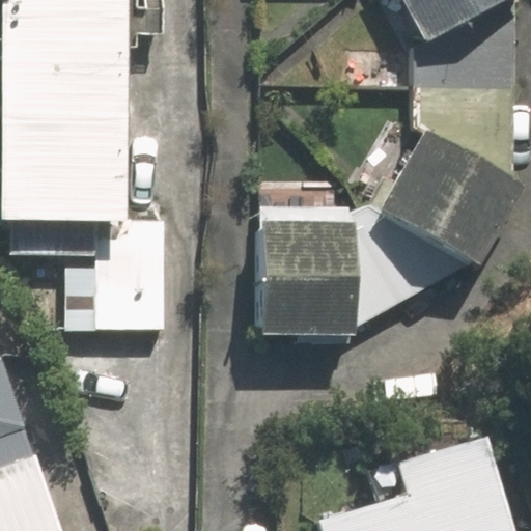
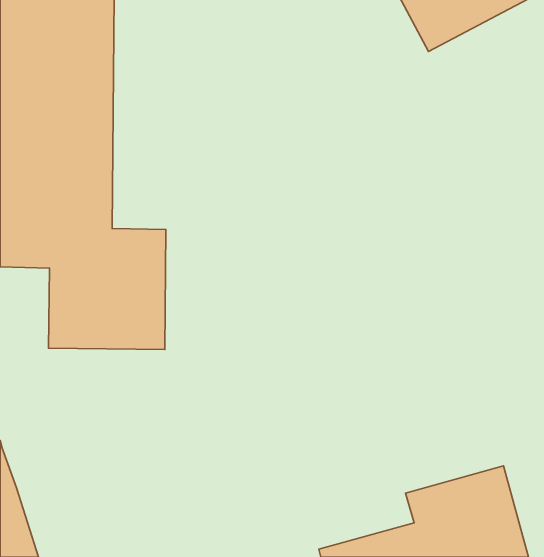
building: [373,131,523,274] -> none
building: [246,212,357,339] -> none

